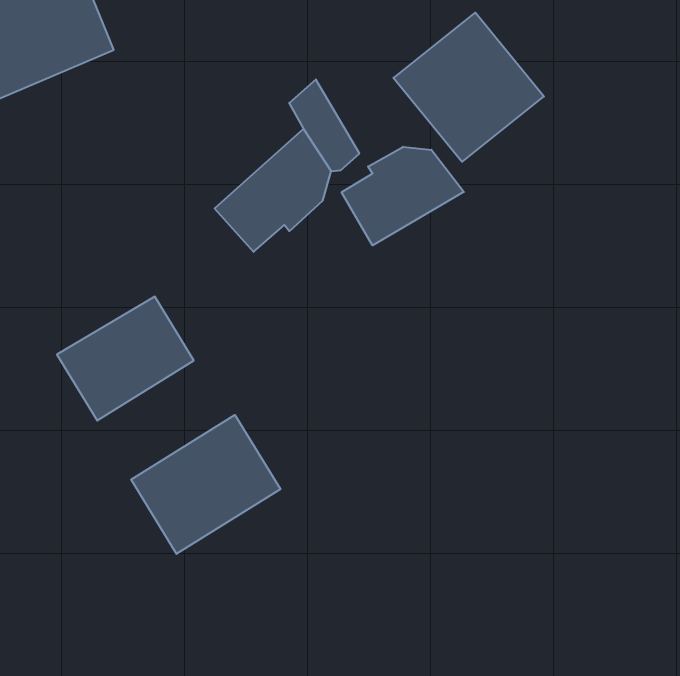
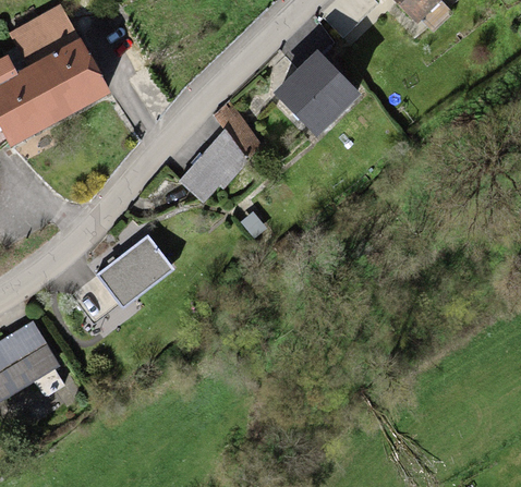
building: [342,147,464,245] -> none
building: [131,415,280,554] -> none

